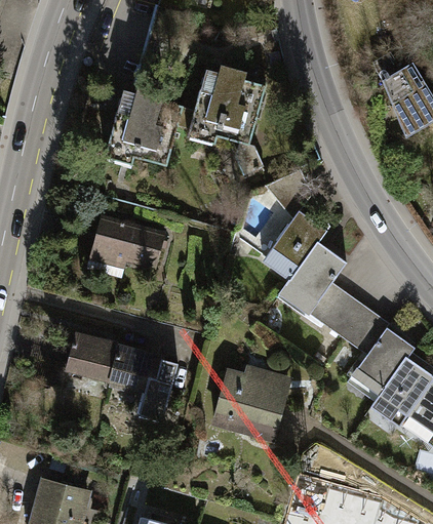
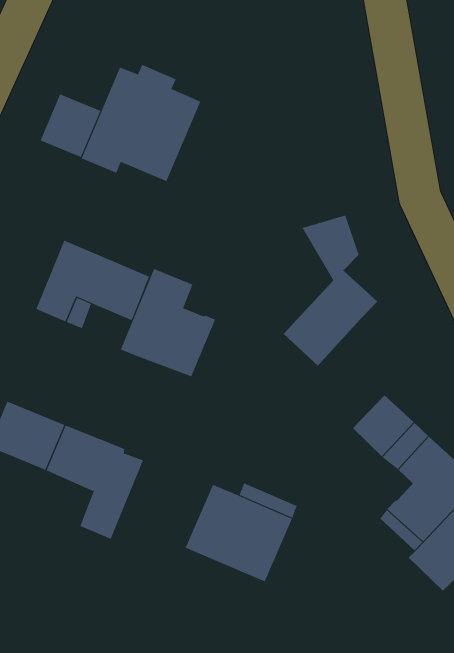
building: [179,66,265,174] -> none
building: none -> [40,93,101,158]
building: none -> [120,268,216,377]
building: [284,244,345,321] -> none

